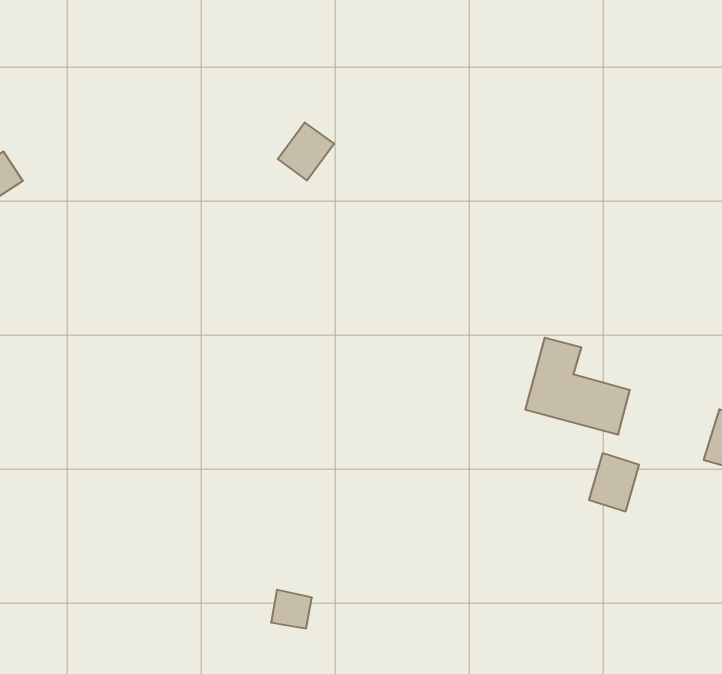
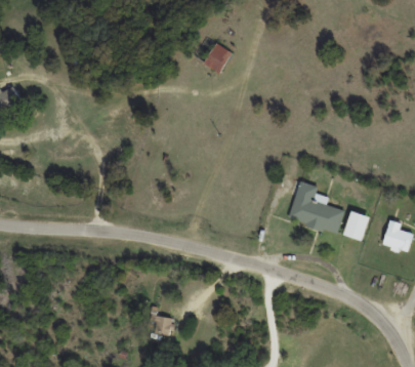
building: [278,122,334,180] -> [201,43,231,74]
building: [589,453,639,511] -> [345,210,372,241]

